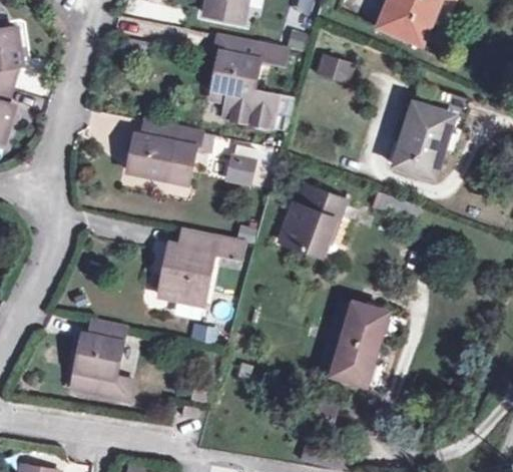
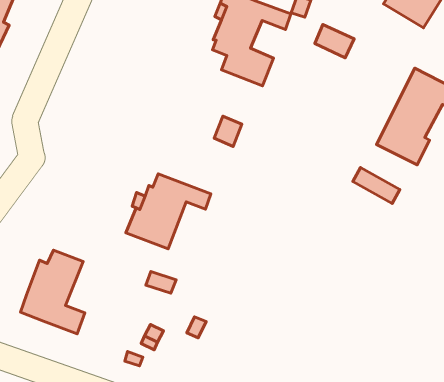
building: [128,119,215,188] -> none
building: [282,183,350,255] -> none
building: [316,299,385,384] -> none

